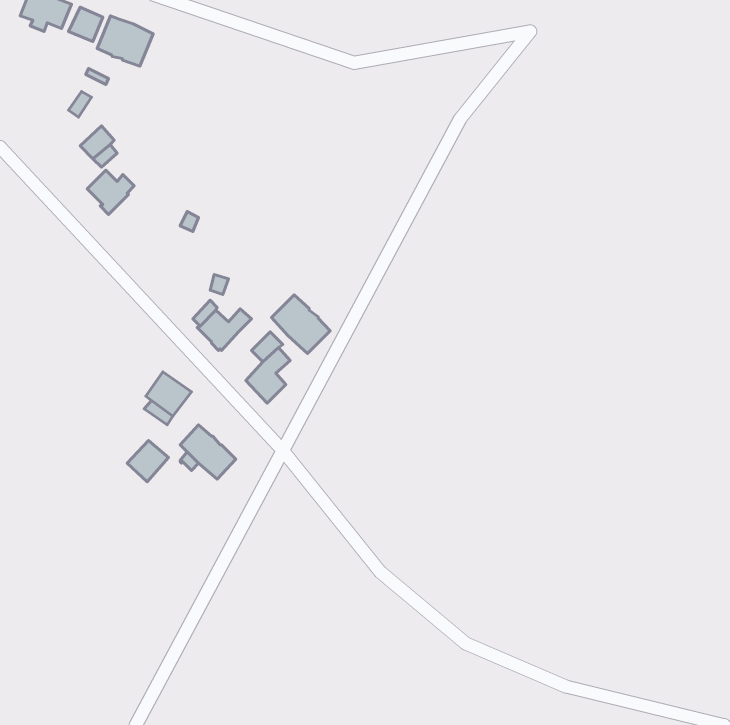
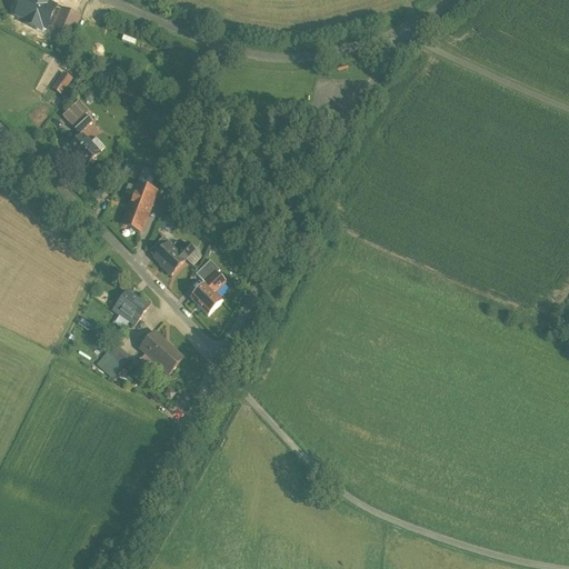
building: [97,16,153,66] -> none
building: none -> [123,186,154,229]
building: [272,295,330,353] -> none

